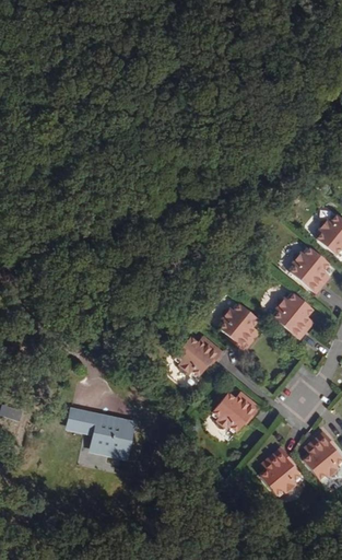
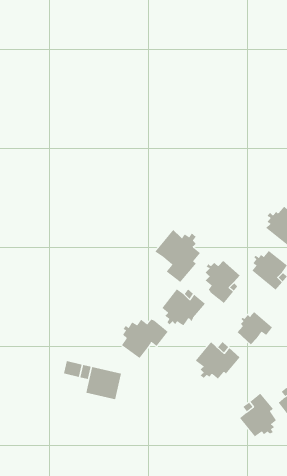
building: none -> [154,229,201,283]
building: none -> [237,311,273,345]
building: none -> [121,319,168,359]

